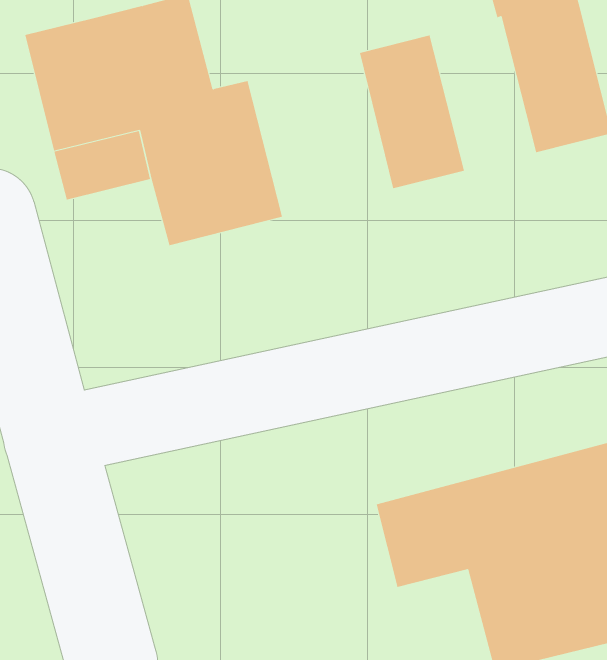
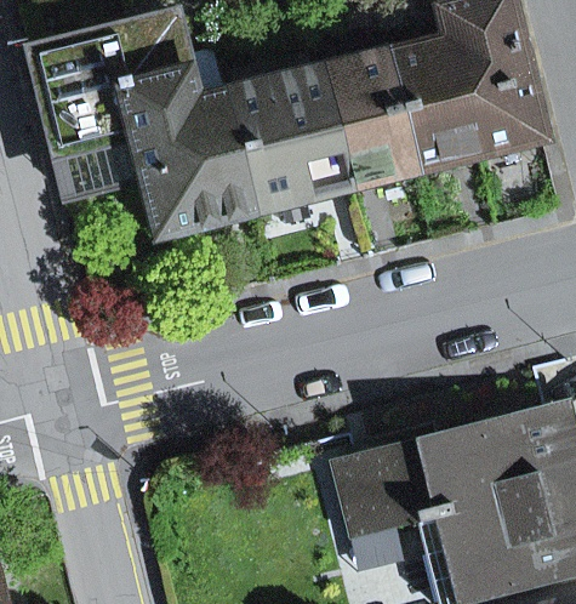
building: none -> [389,34,481,169]
building: none -> [230,65,357,209]

